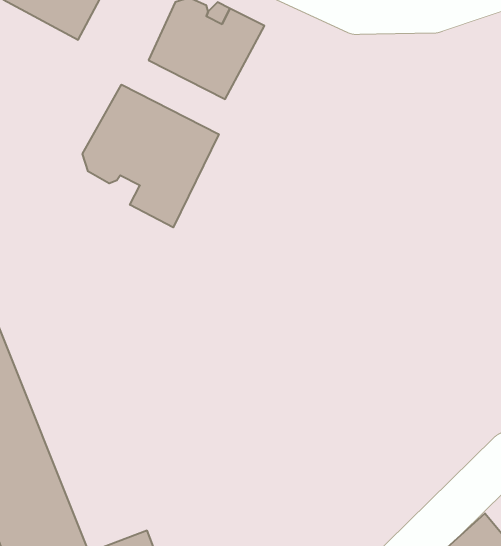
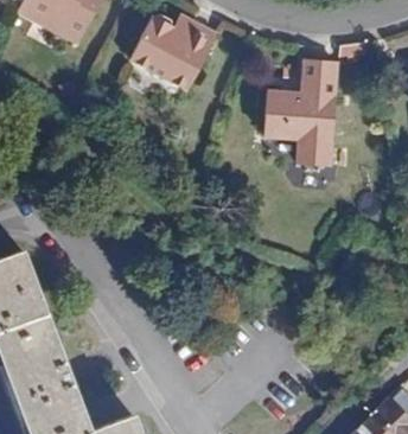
building: none -> [268,58,345,168]
building: [83,85,219,227] -> none

